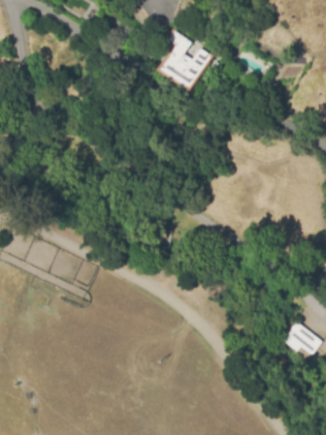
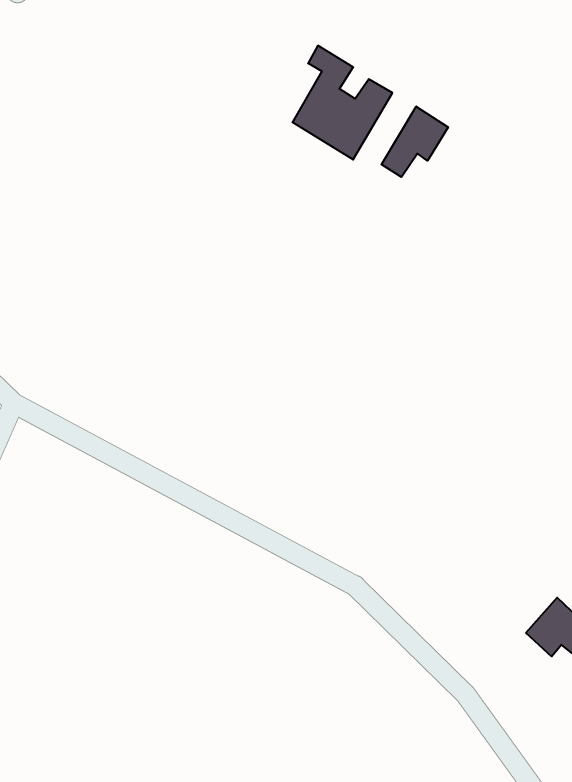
building: none -> [382,106,448,177]

